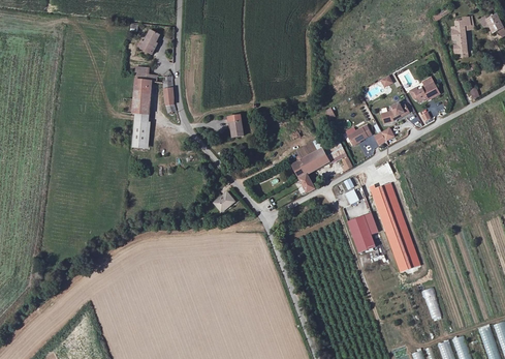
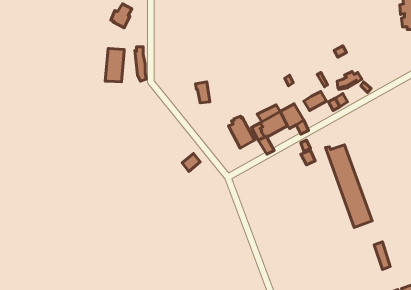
building: [408,77,439,101] -> none
building: [131,113,149,148] -> none
building: none -> [228,116,255,148]
building: [348,215,375,252] -> none

